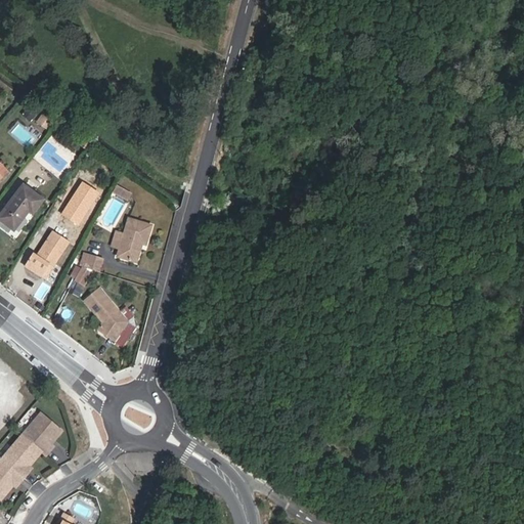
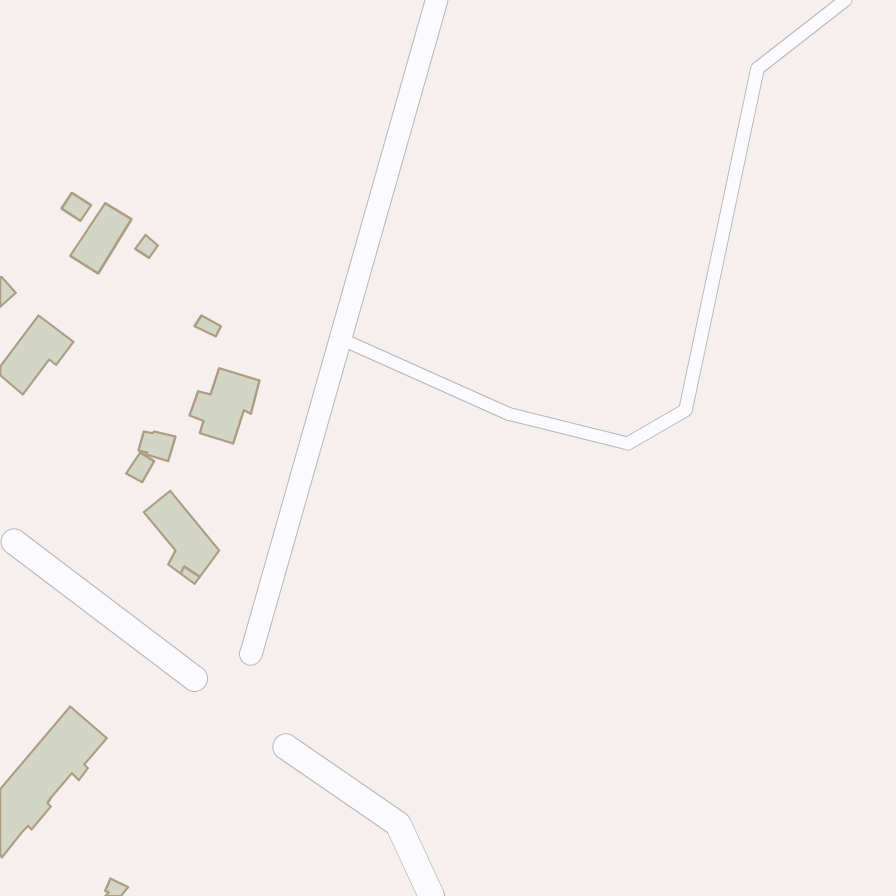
building: [62,183,98,224] -> [70,203,132,273]
building: [25,230,70,278] -> none

